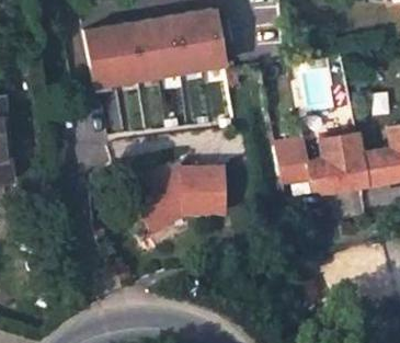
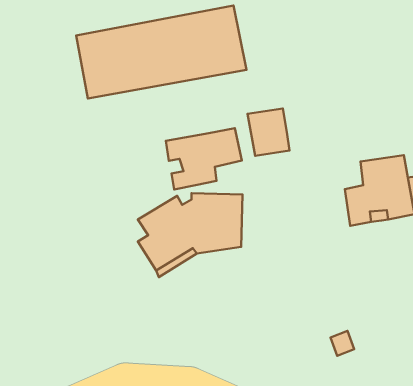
building: none -> [166,128,242,190]
building: [276,142,311,182] -> [247,108,289,156]

